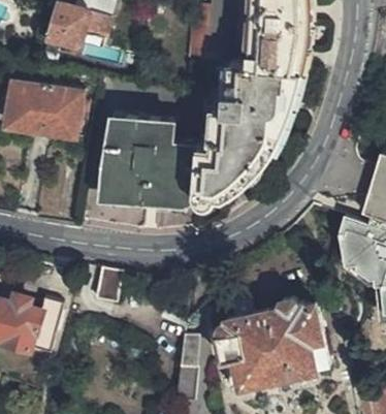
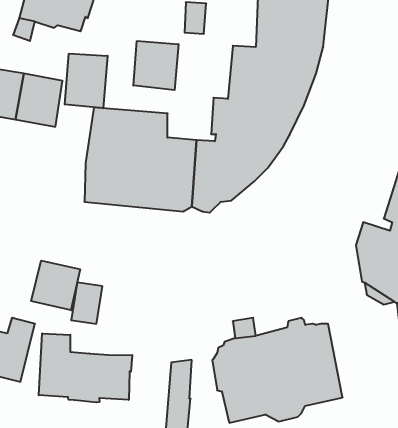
building: none -> [133,41,178,90]
building: none -> [65,54,108,108]
building: none -> [31,261,80,310]
building: none -> [39,333,132,402]

